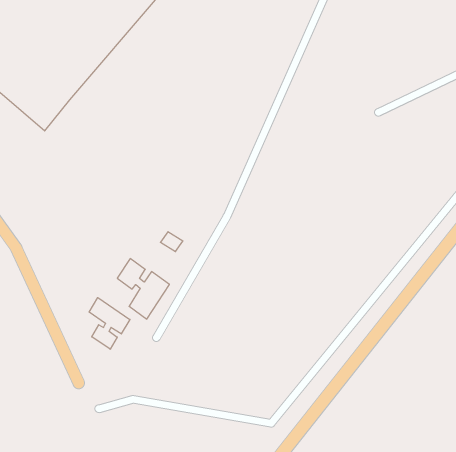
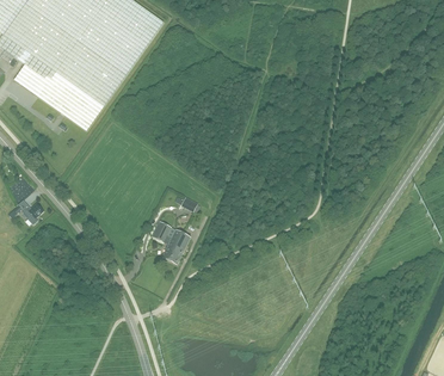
building: [89,298,130,349] -> none

